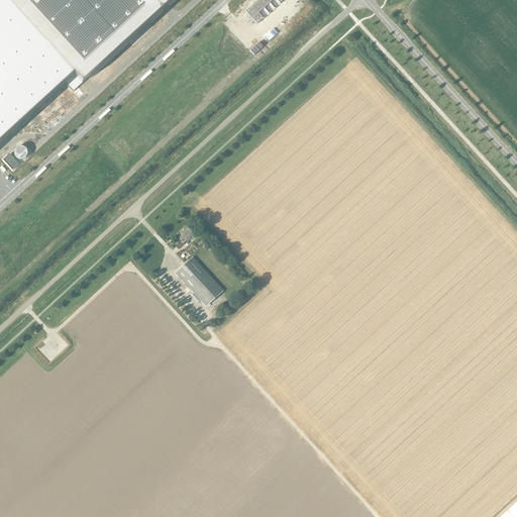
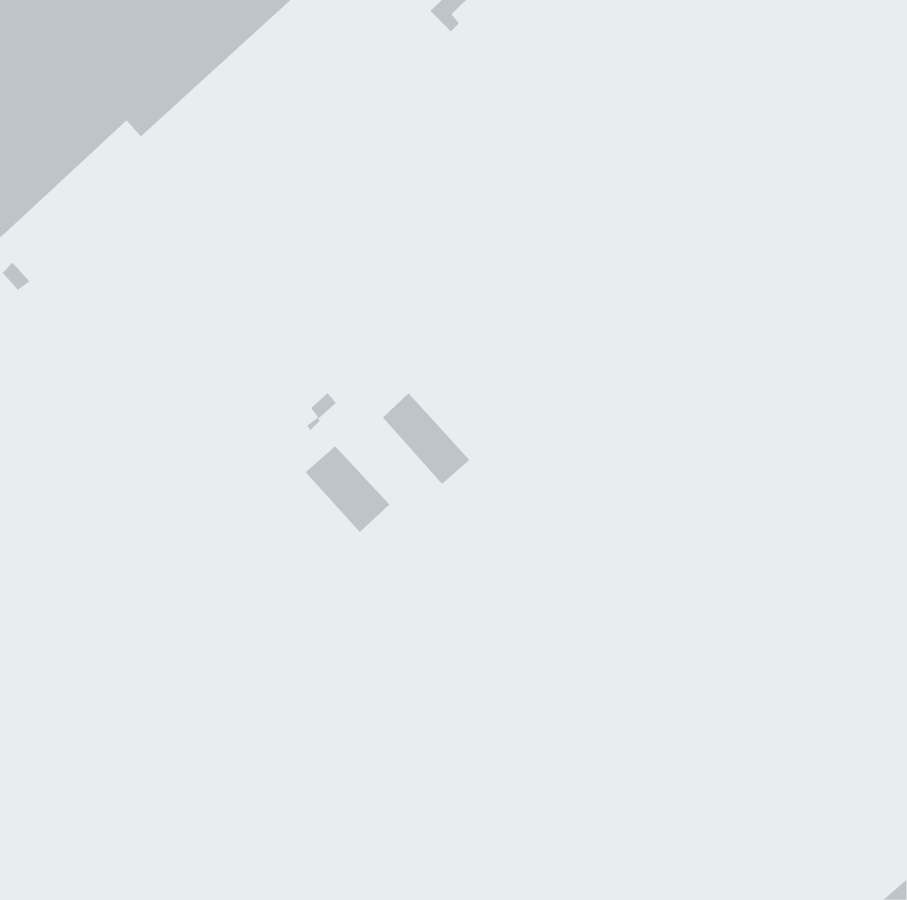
building: none -> [382,392,470,485]

